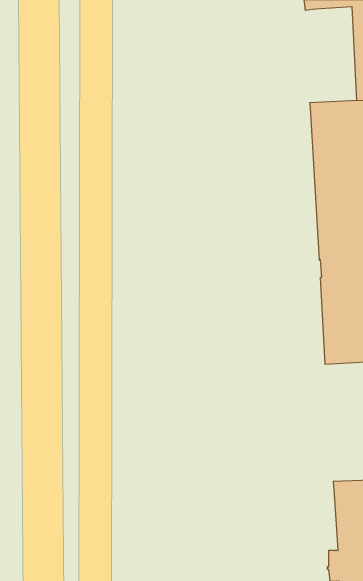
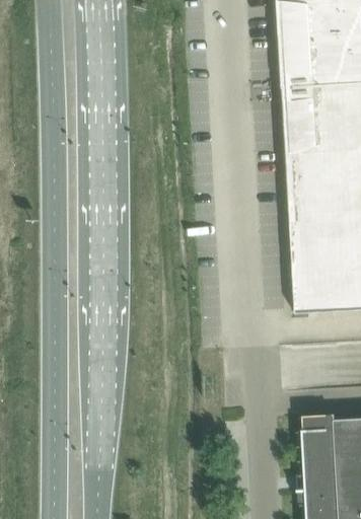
building: none -> [278,6,322,89]

